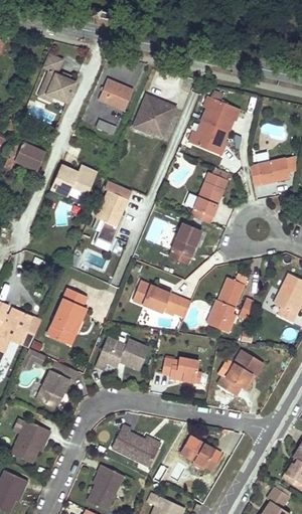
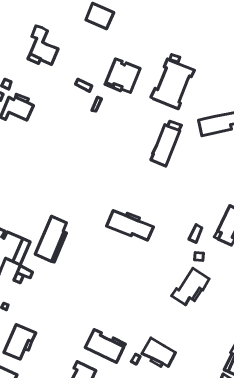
building: [100,78,134,110] -> [86,3,114,29]
building: [51,164,98,196] -> none
building: [97,191,127,244] -> none
building: [167,225,199,268] -> none
building: [203,280,242,333] -> none
building: [97,337,151,370] -> none
building: [163,355,201,382] -> none
building: [36,362,79,409] -> none

